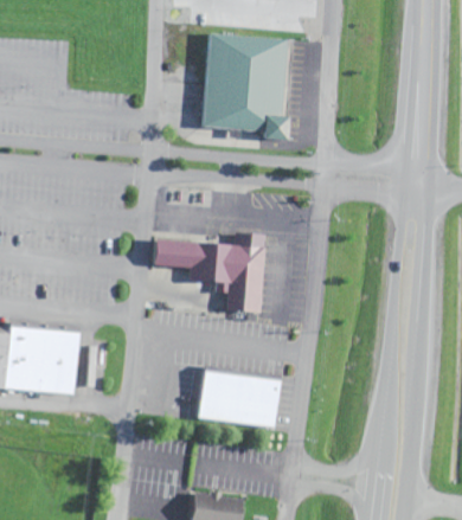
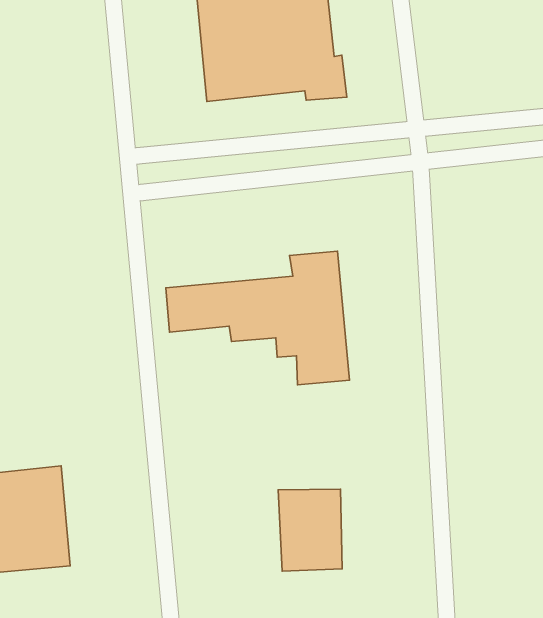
building: [236,377,280,430] -> none

